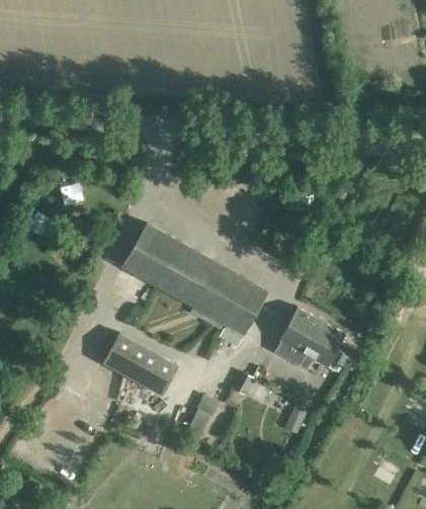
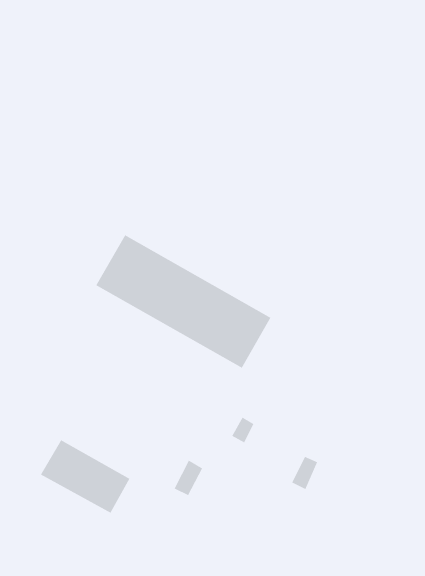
building: [274,309,345,370] -> none
building: [102,335,177,397] -> [40,439,131,514]

